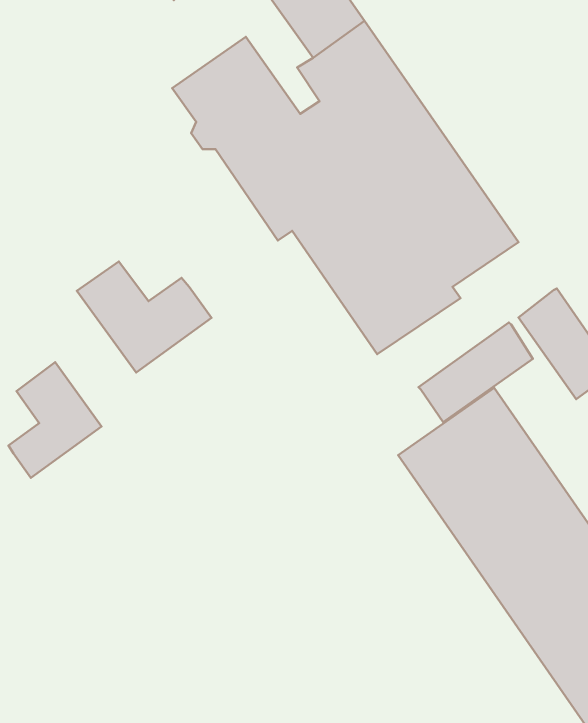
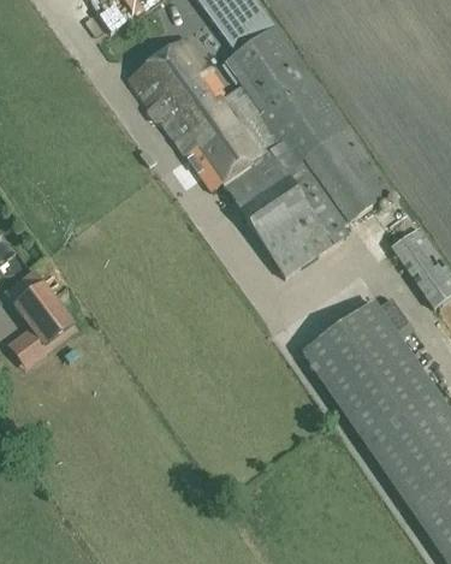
building: [77,261,211,372] -> none
building: [419,322,533,422] -> none

